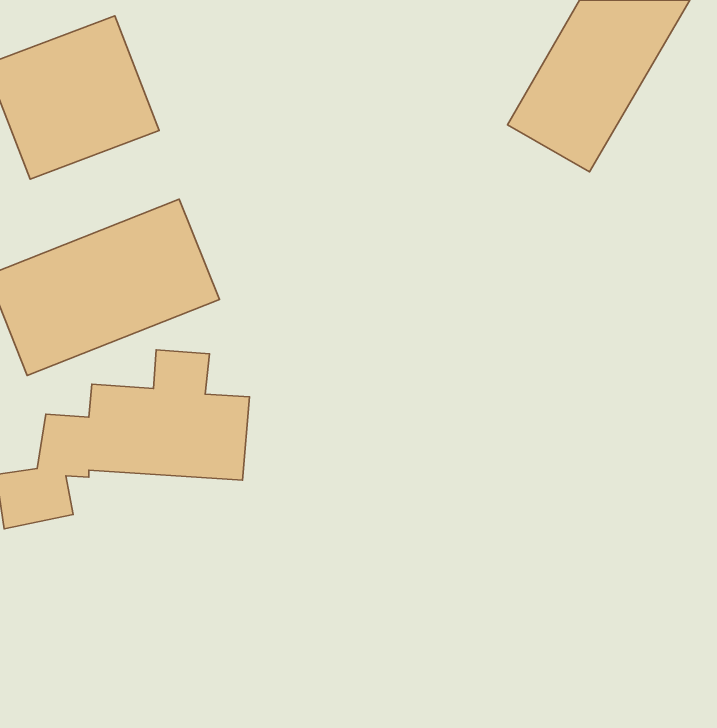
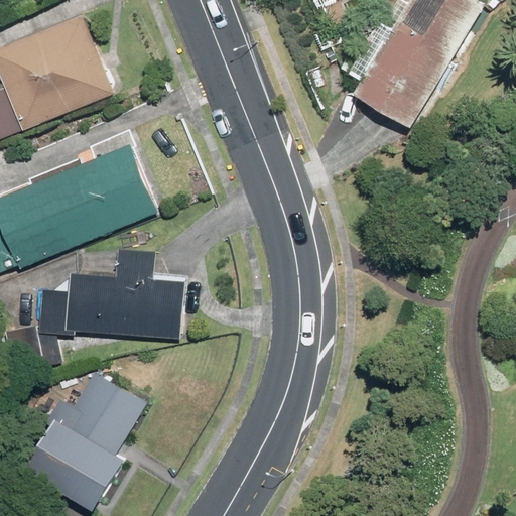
building: none -> [19,371,144,507]

